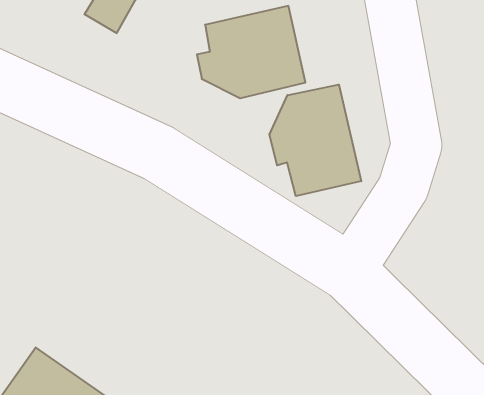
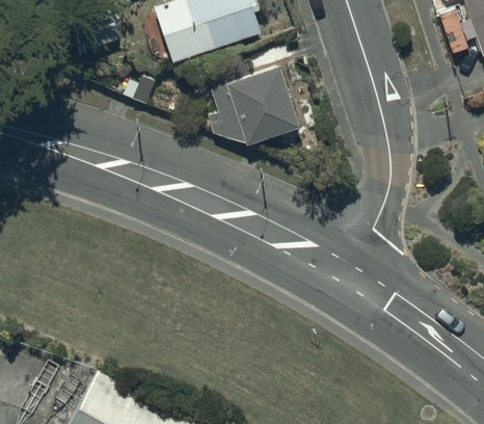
building: [270,85,361,196] -> none

